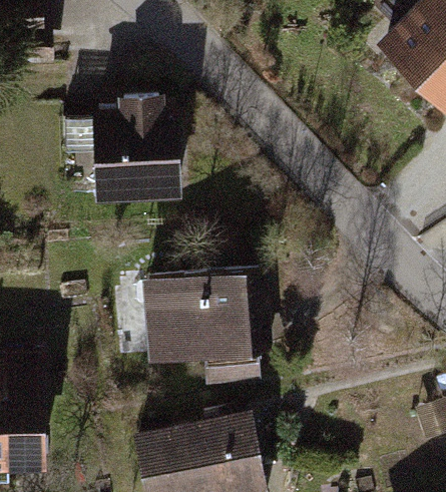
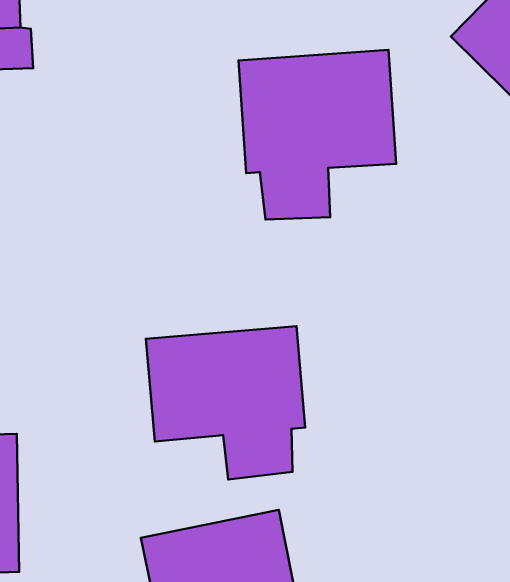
building: none -> [238,50,396,220]
building: [64,99,177,194] -> none

